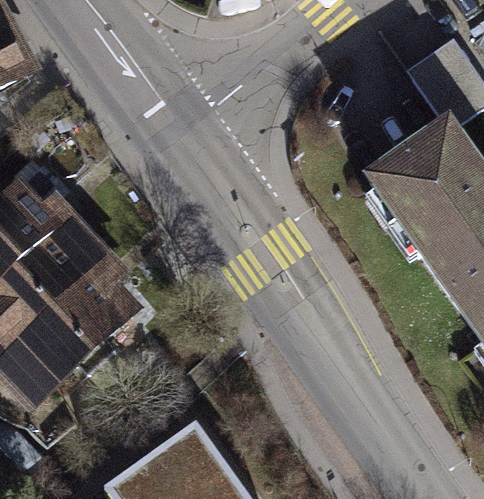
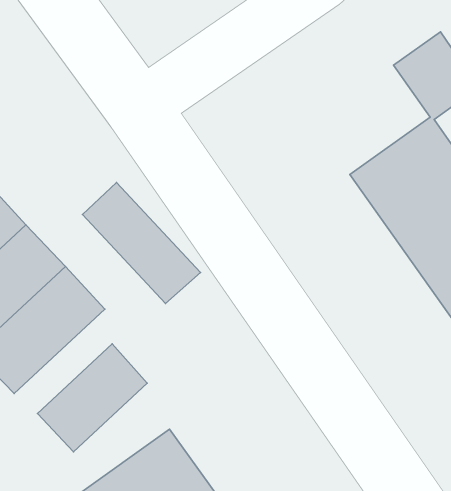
building: none -> [83,182,200,303]
building: none -> [38,344,147,452]

